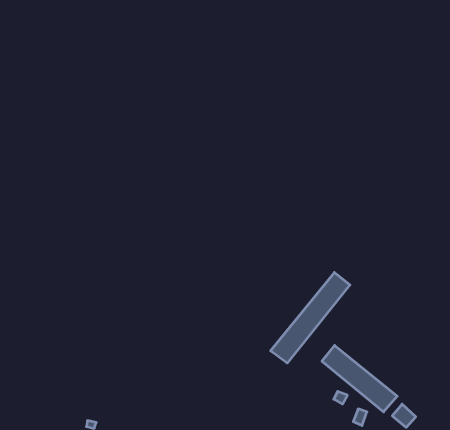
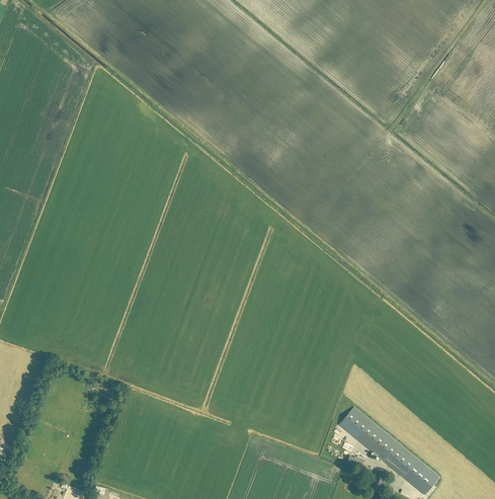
building: [271,272,350,363] -> none

